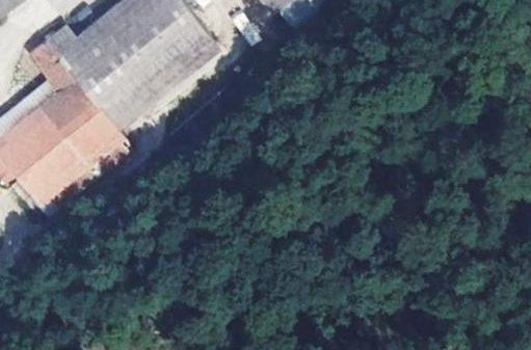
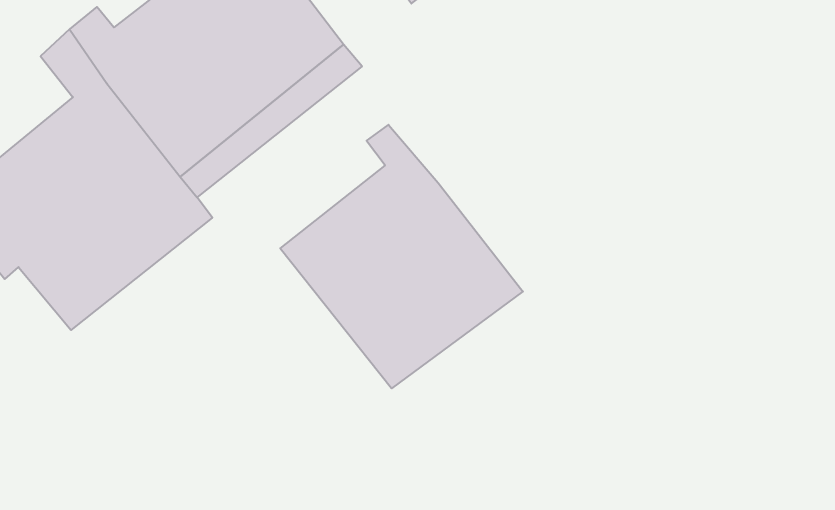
building: none -> [280,125,523,388]

